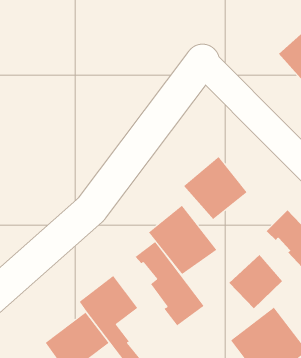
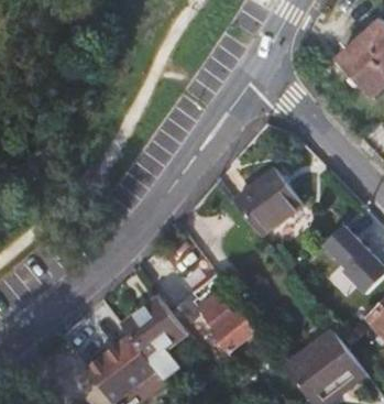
building: [148,205,217,275] -> none
building: [229,254,283,309] -> none

